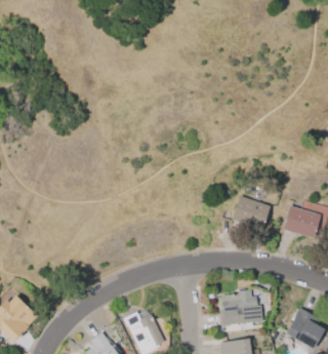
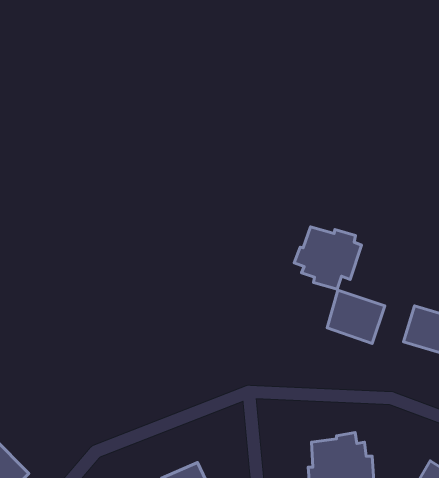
building: none -> [294,227,361,289]

